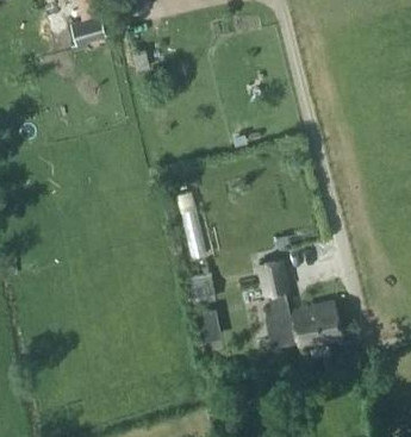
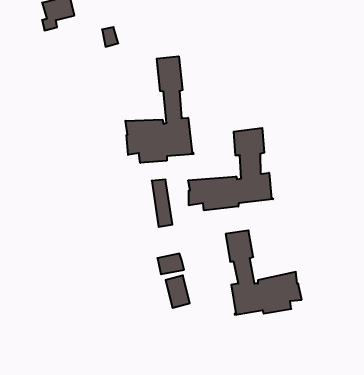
building: none -> [125,56,194,163]
building: none -> [188,128,273,210]

